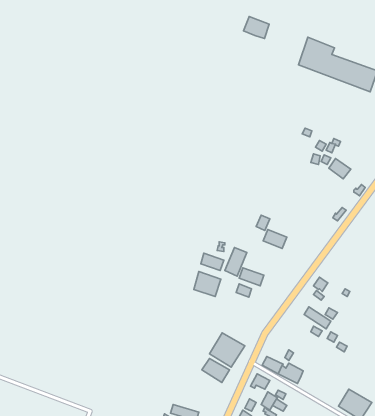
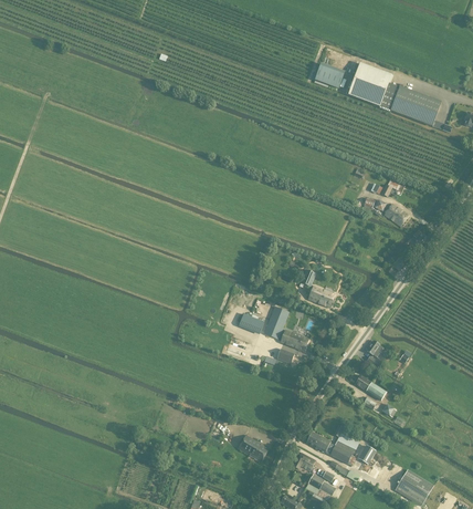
building: [243,16,269,38] -> [314,63,344,89]
building: [194,272,221,297] -> none
building: [209,333,245,367] -> none

